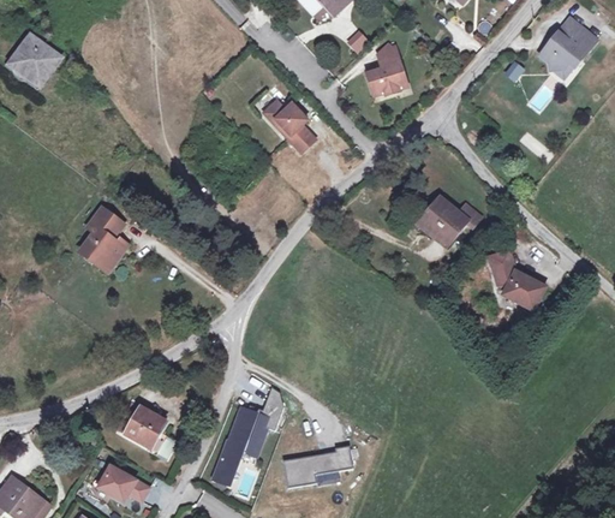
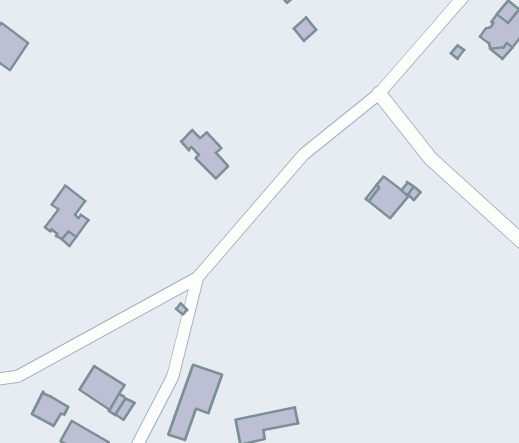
building: [369,50,408,101] -> none
building: [263,102,314,154] -> [181,130,228,178]
building: [492,249,547,308] -> none
building: none -> [32,392,68,426]

